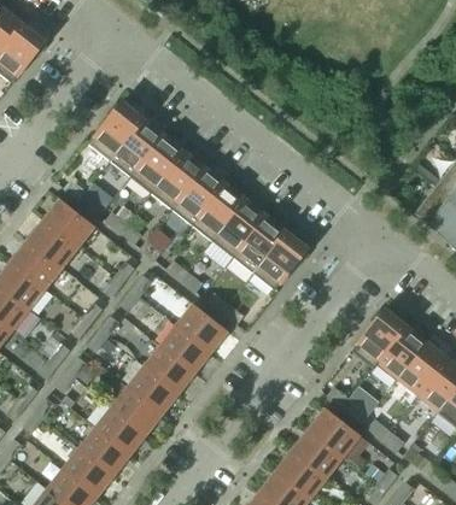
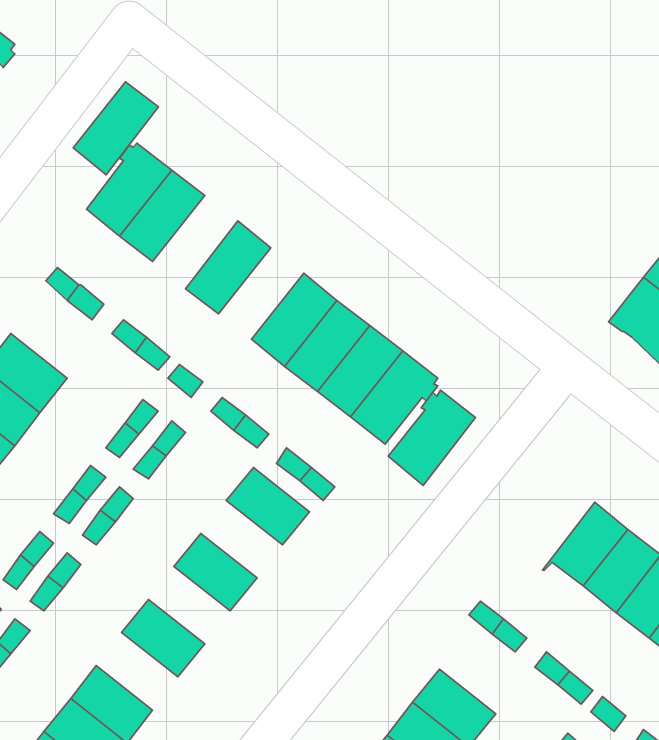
building: [130,135,183,193] -> [73,82,159,175]
building: [171,168,224,224] -> none
building: [42,199,95,248] -> none
building: [351,309,405,368] -> [388,390,476,485]
building: [160,324,211,372] -> none
building: [128,365,179,413] -> none
building: [95,406,146,454] -> none
building: [309,407,361,457] -> none

